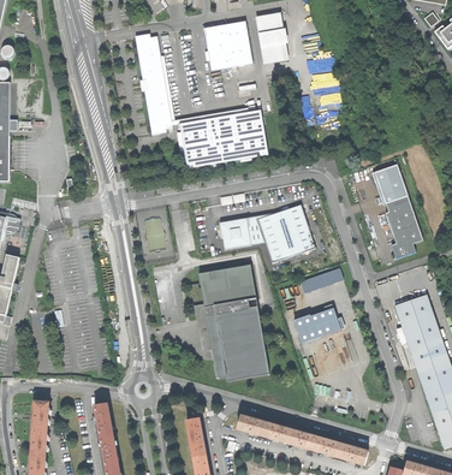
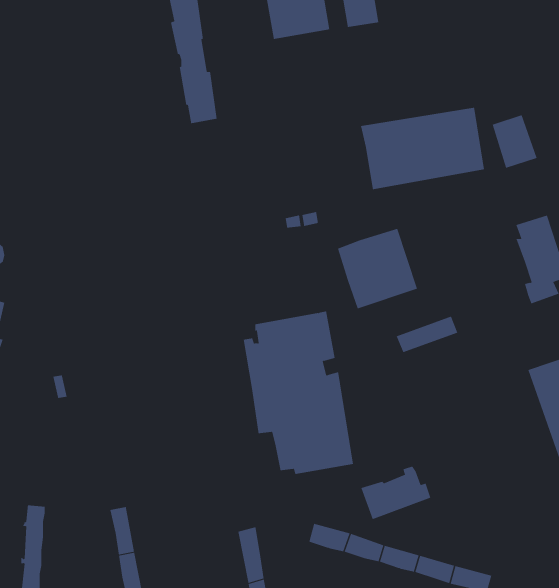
building: [178,108,267,167] -> [360,107,485,190]
building: [374,162,406,201] -> [492,114,537,168]
building: [219,212,272,248] -> none
building: [292,303,343,342] -> [360,466,431,520]

